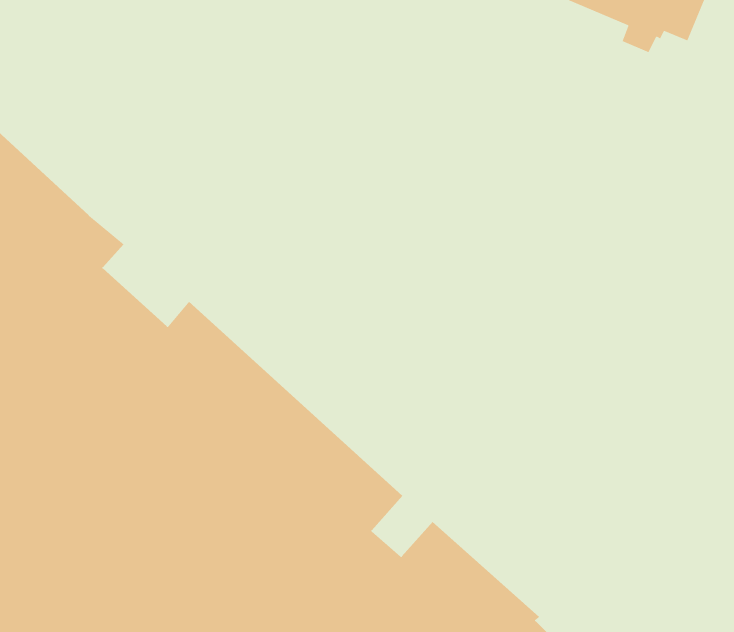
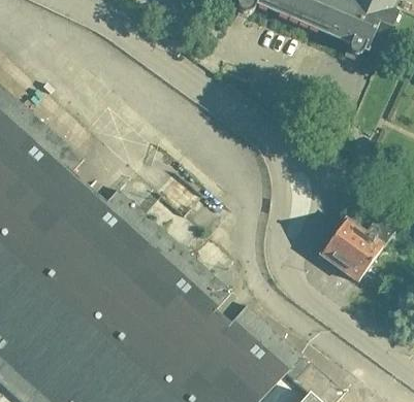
building: none -> [321,211,399,281]

